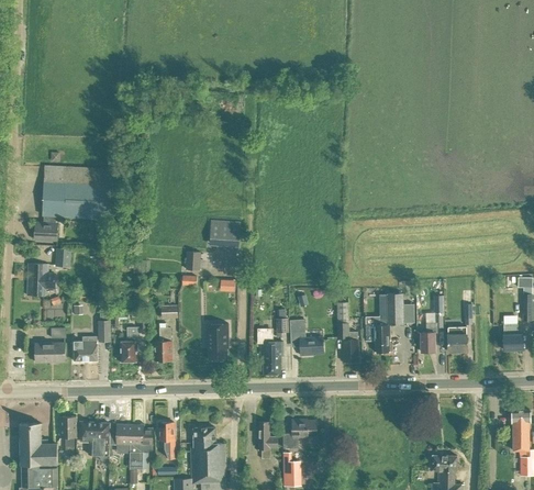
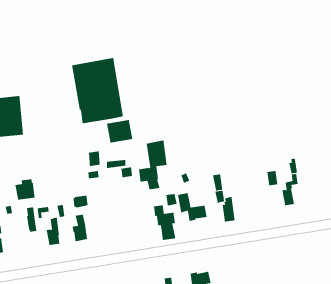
building: none -> [71,57,124,124]
building: [365,292,402,352] -> [138,140,168,190]
building: [205,323,227,359] -> none
building: [446,326,466,350] -> none
building: [73,336,97,360] -> [14,179,36,200]

